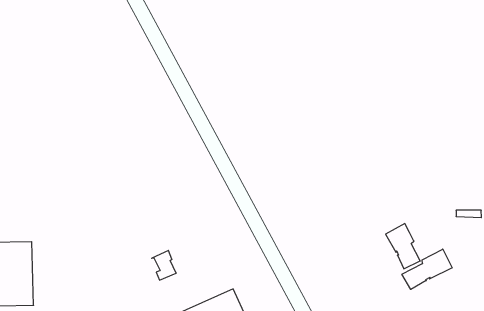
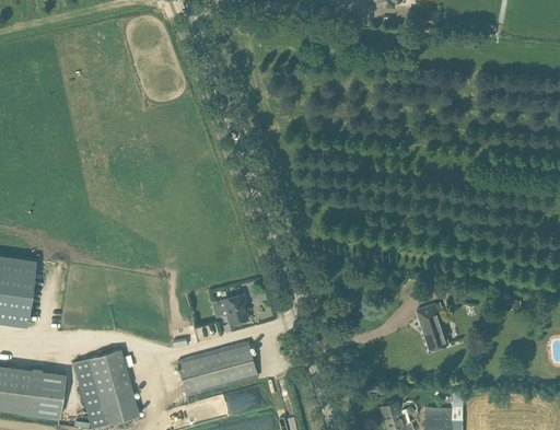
building: [402,249,452,289] -> none
building: [152,250,176,280] -> [224,294,247,324]

